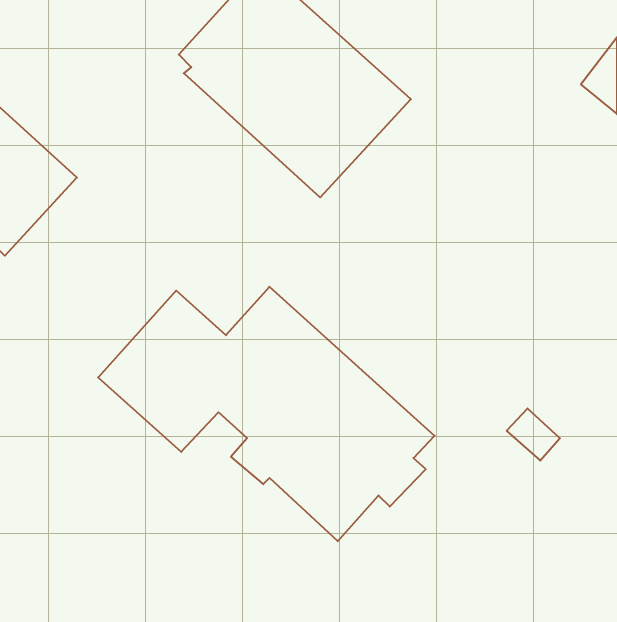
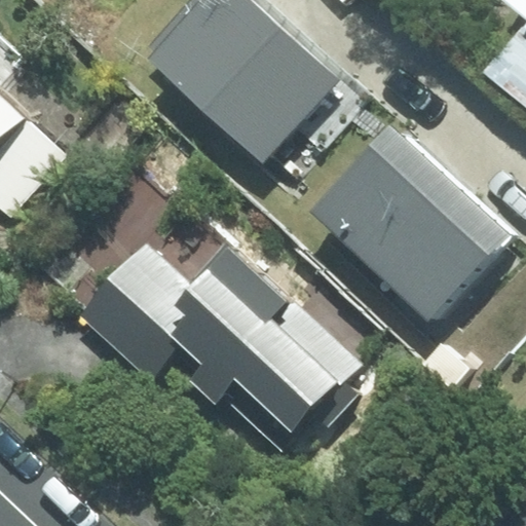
building: none -> [315,147,496,325]

